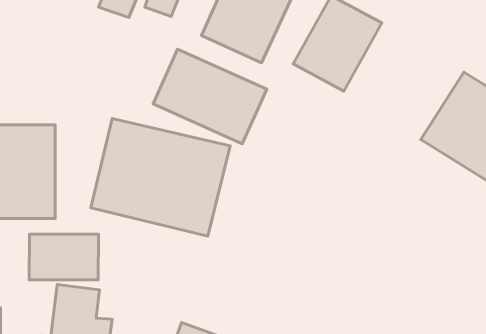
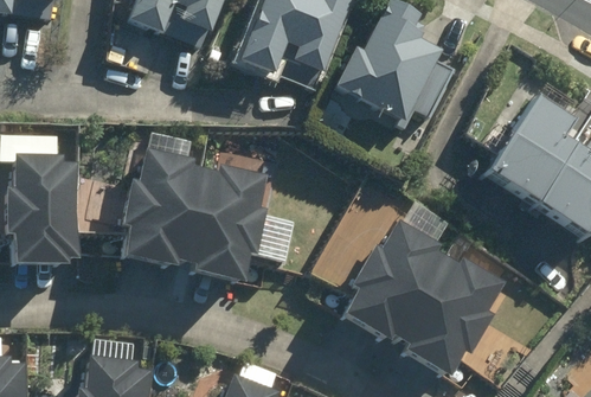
building: [153,49,267,144] -> none
building: none -> [333,224,496,385]
building: [29,234,99,280] -> none

